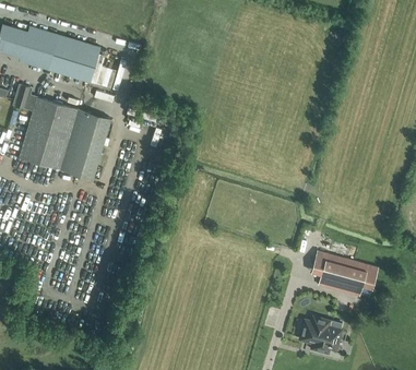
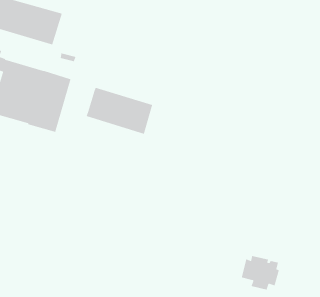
building: none -> [86,87,153,135]
building: [311,251,378,296] -> none

